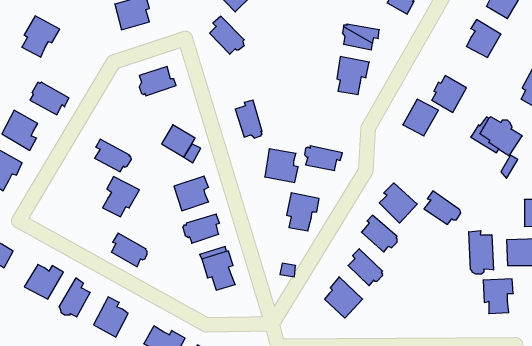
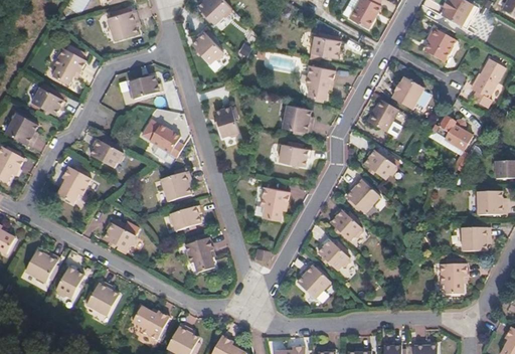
building: [22,16,60,57] -> [50,48,84,85]
building: [265,149,298,182] -> [283,103,313,133]
building: [103,177,139,217] -> [57,166,91,202]
building: [424,191,461,224] -> [363,149,396,179]
building: [469,231,493,274] -> none

